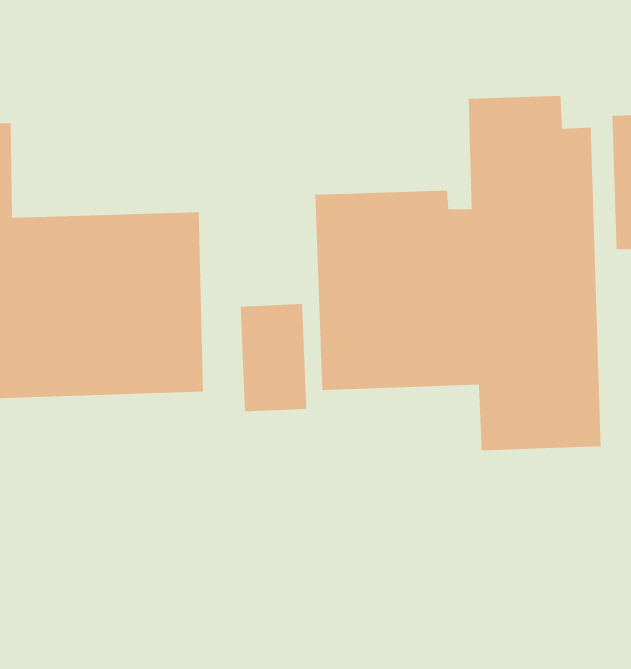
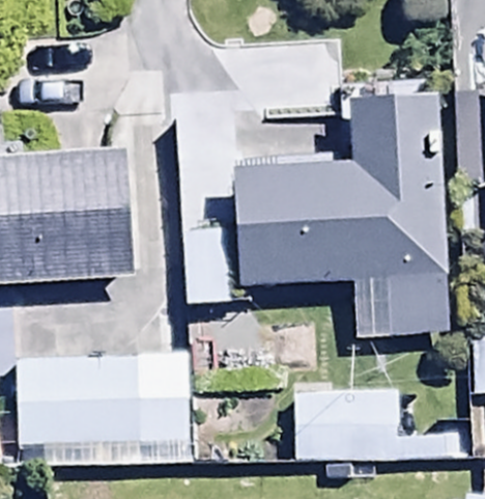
building: none -> [17,353,192,447]
building: none -> [295,377,453,463]

